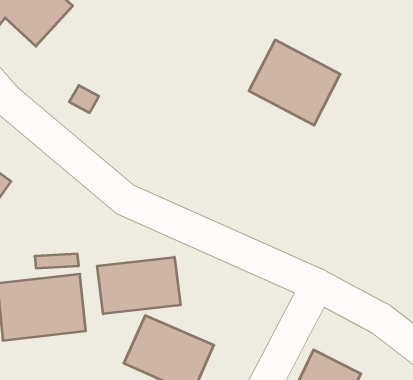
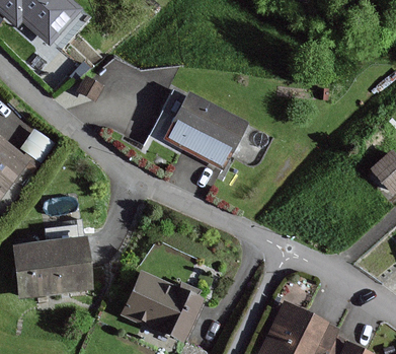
building: [249,40,340,125] -> [167,94,245,167]
building: [97,257,180,314] -> none

